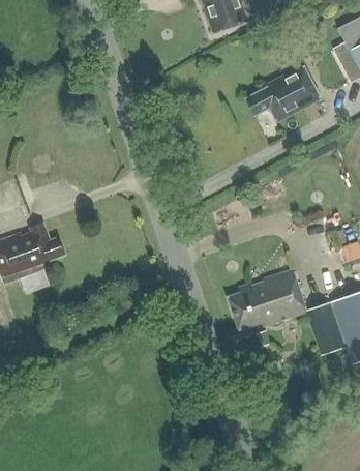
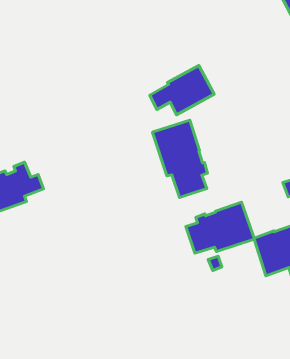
building: [246,64,321,121] -> [150,66,214,115]
building: none -> [152,120,207,197]

